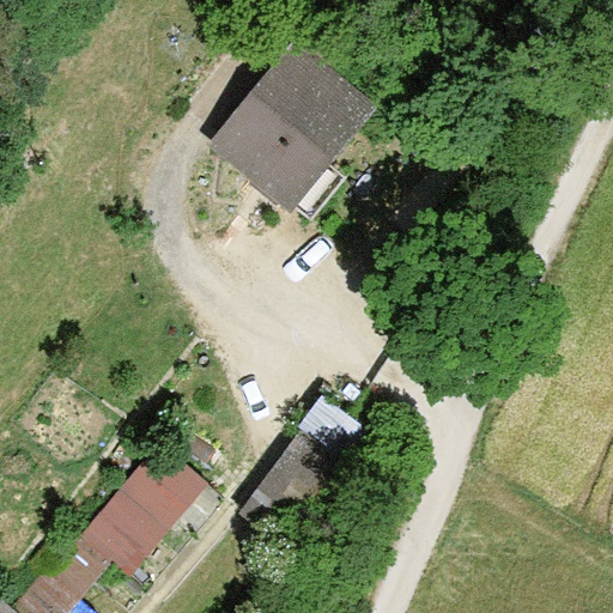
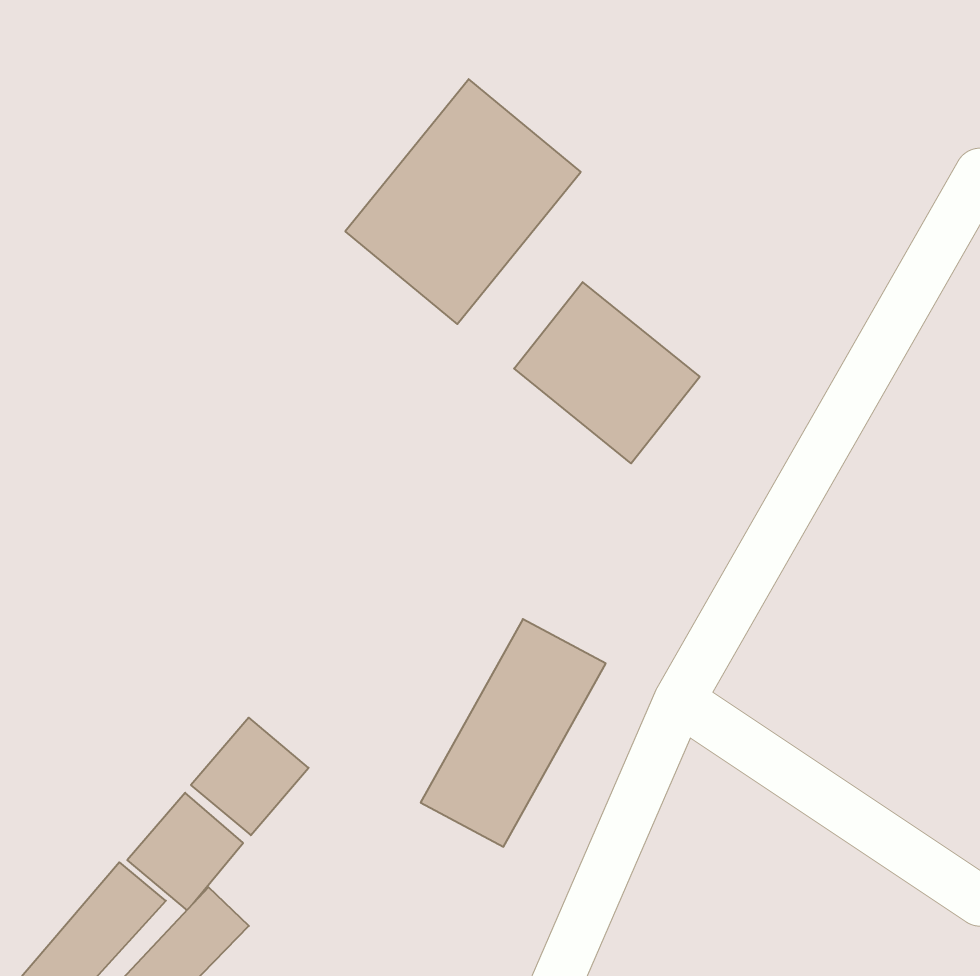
building: none -> [514,282,700,463]

